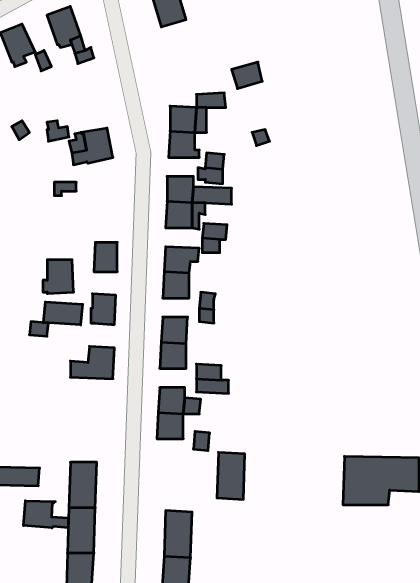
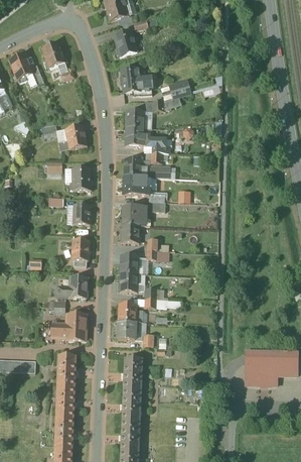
building: none -> [121,68,152,95]
building: [43,260,74,294] -> [69,167,91,191]
building: [43,302,83,325] -> none
building: none -> [51,314,86,339]
building: [217,452,245,499] -> [123,357,142,389]
building: [24,501,68,528] -> none

